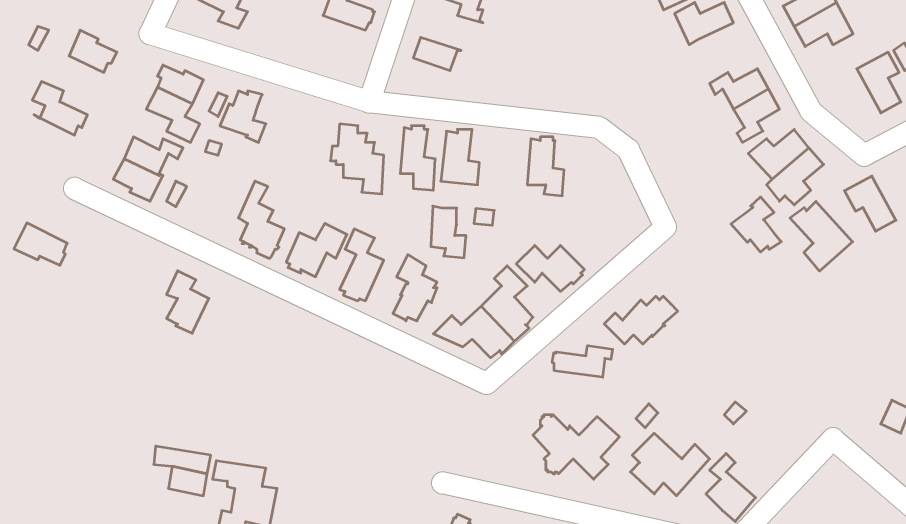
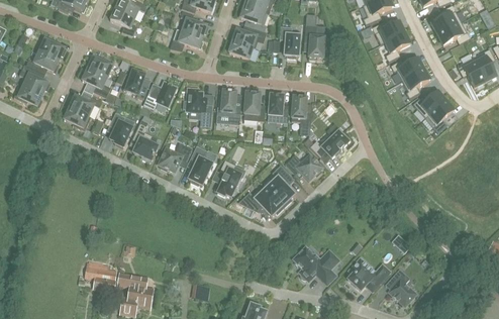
building: none -> [304,23,325,59]
building: none -> [280,25,300,57]
building: none -> [170,27,203,50]
building: none -> [232,27,267,46]
building: none -> [385,31,410,61]
building: none -> [24,49,59,71]
building: none -> [143,79,177,108]
building: [844,176,896,231] -> [457,57,485,87]
building: [731,197,781,252] -> none
building: [790,201,853,271] -> none
building: [431,206,466,258] -> [269,93,288,121]
building: [14,223,67,265] -> [13,82,42,105]
building: [167,271,209,333] -> [109,111,132,145]
building: [604,296,678,344] -> [310,130,351,156]
building: [552,346,613,377] -> none

